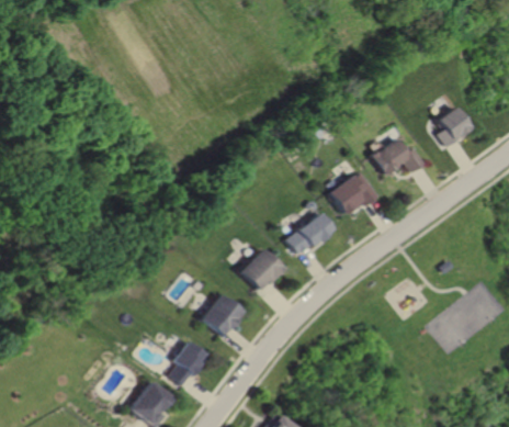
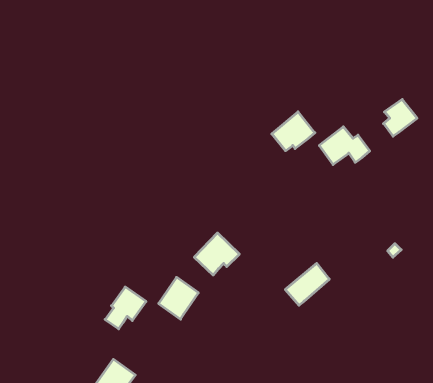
building: [331,171,376,212] -> [272,112,315,151]
building: [286,211,332,255] -> [285,263,329,305]
building: [171,341,214,385] -> [105,287,146,329]

